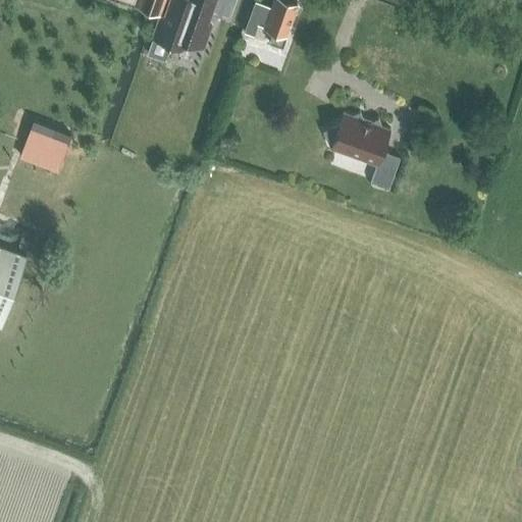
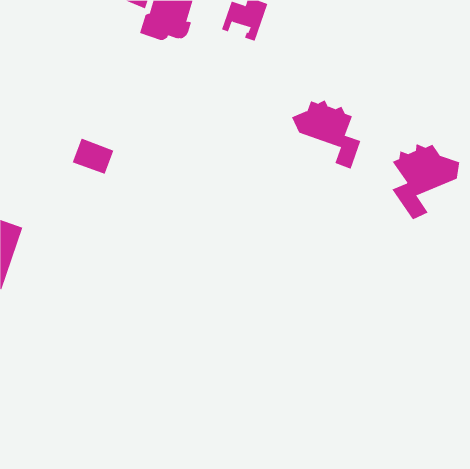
building: [20,130,67,171] -> [72,138,114,175]
building: none -> [391,143,460,220]

